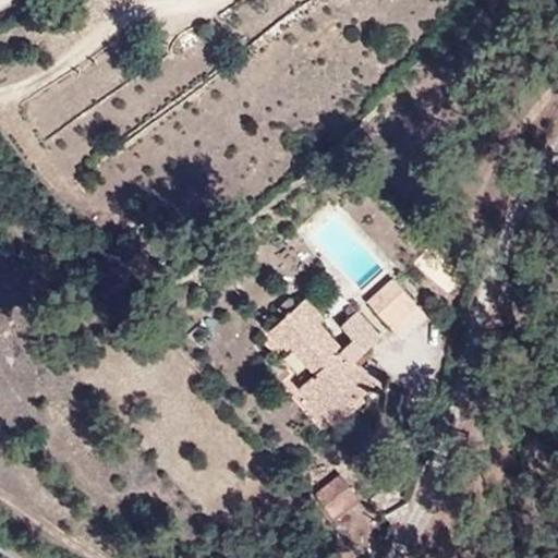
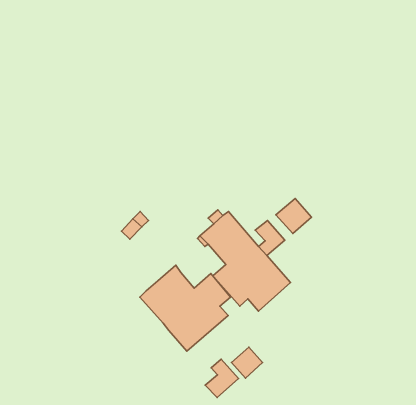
building: none -> [140,265,231,351]
building: none -> [205,359,238,397]

